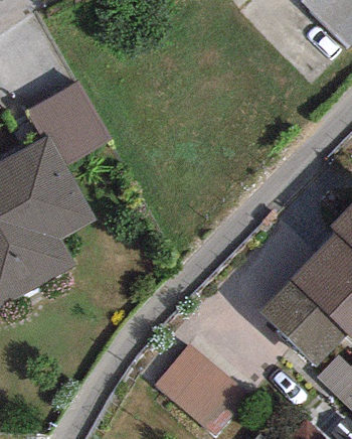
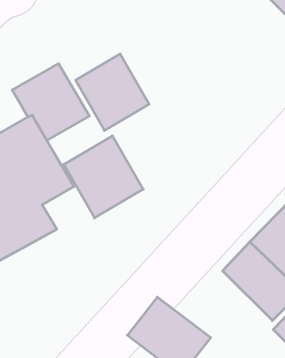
building: none -> [76,54,149,131]
building: none -> [64,136,143,218]

